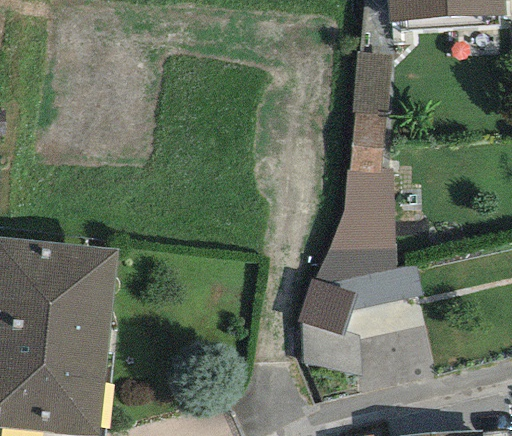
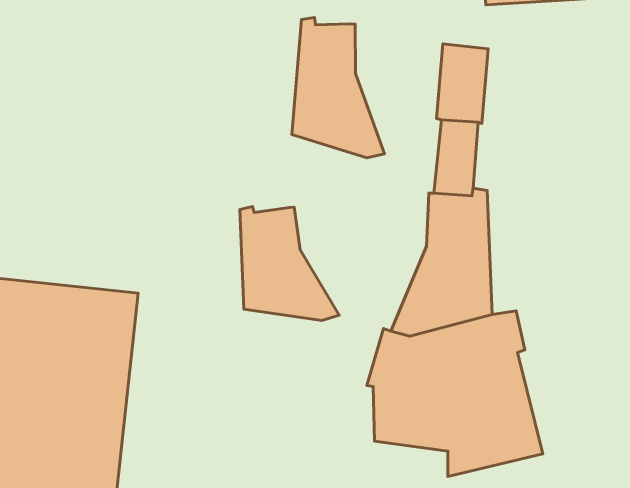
building: none -> [292,18,385,158]
building: none -> [240,206,339,321]

